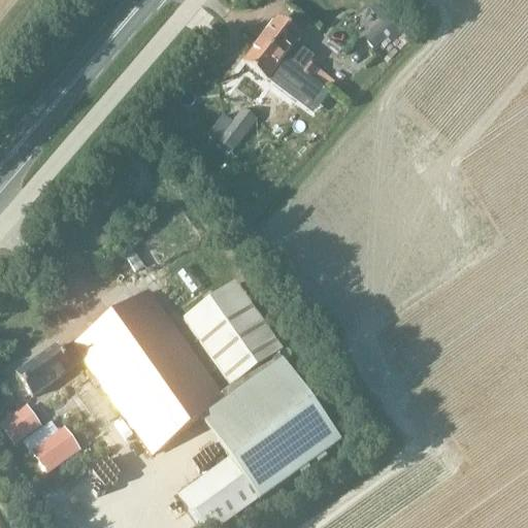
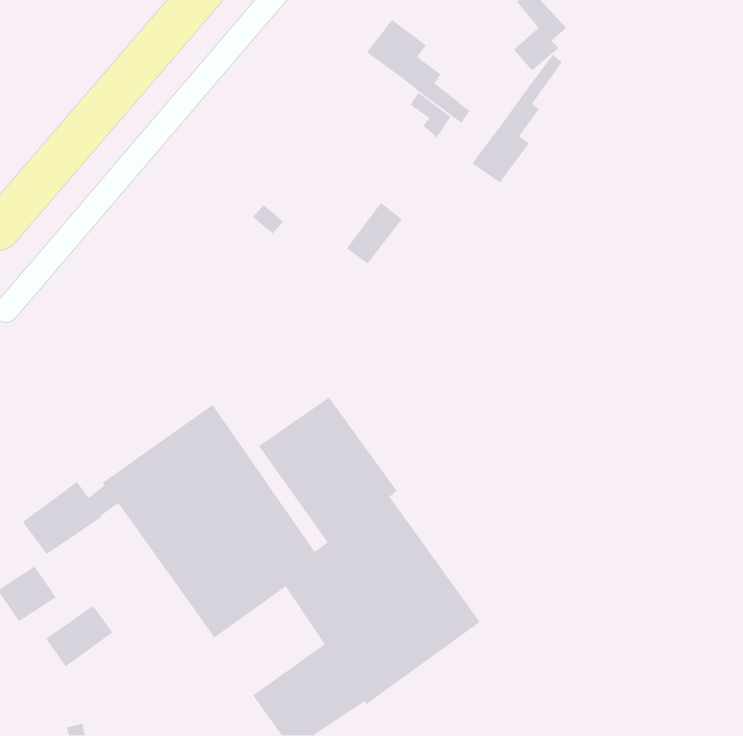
building: [243,37,285,77] -> none
building: none -> [471,54,563,183]
building: [217,103,257,147] -> [346,202,403,264]

